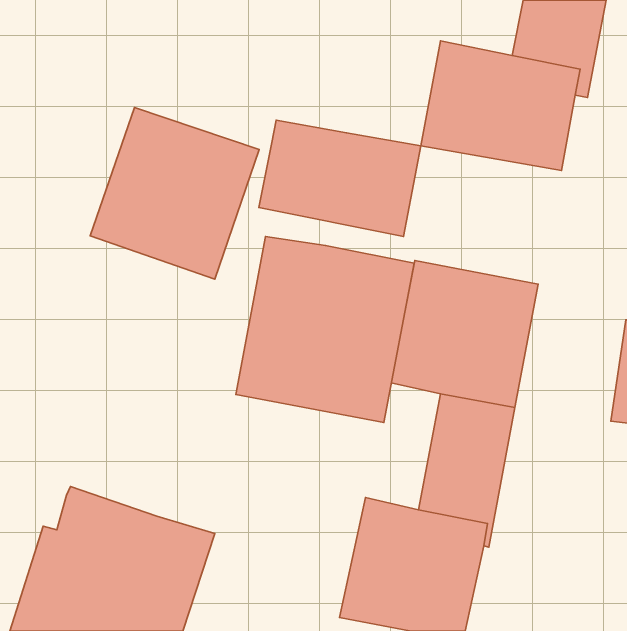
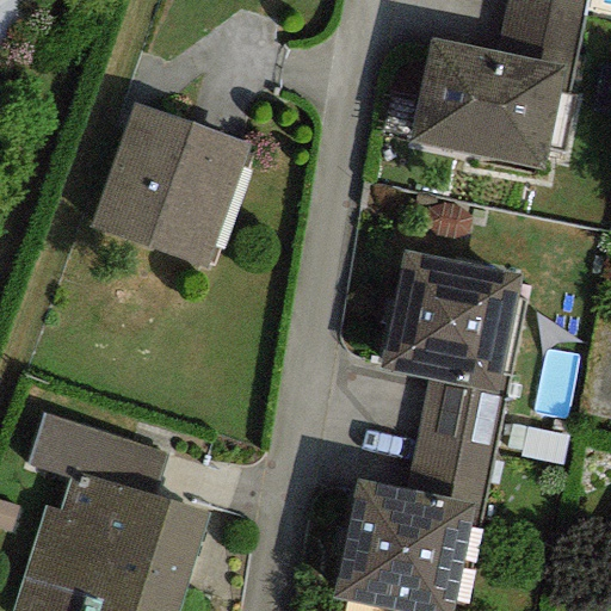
building: [259,120,421,237] -> none
building: [236,236,414,423] -> none
building: none -> [29,415,169,499]

